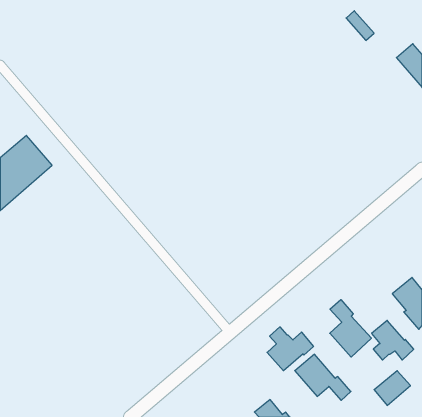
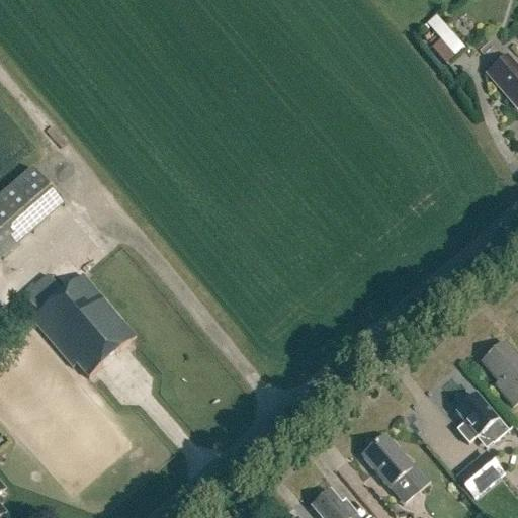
building: none -> [23,272,136,375]
building: [330,300,371,357] -> none
building: [267,327,313,371] -> none

